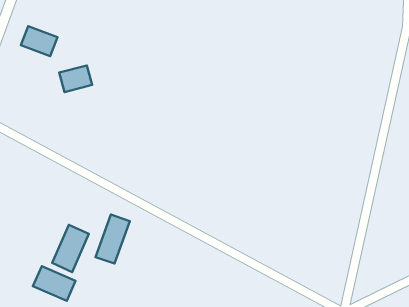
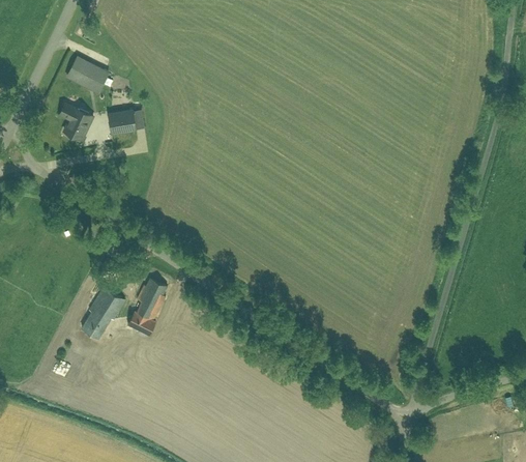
building: none -> [57,100,97,144]
building: [33,266,76,301] -> none

